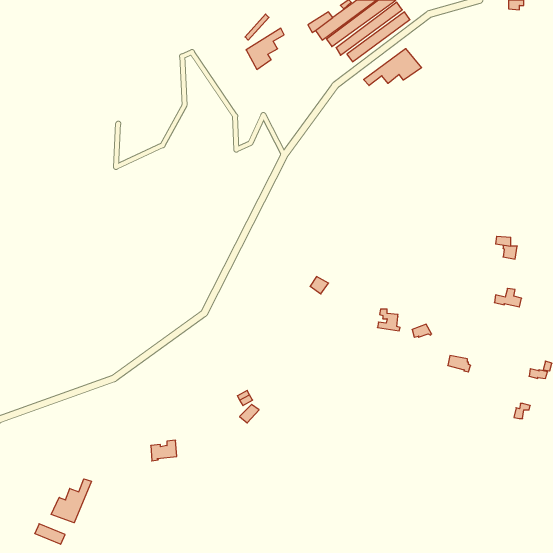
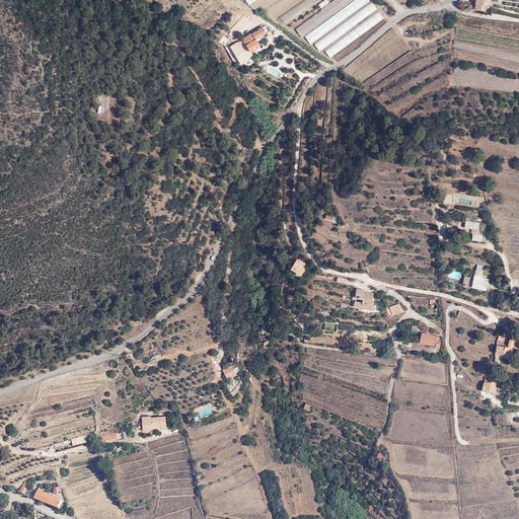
building: [364,49,422,86] -> none
building: [51,479,92,523] -> none

